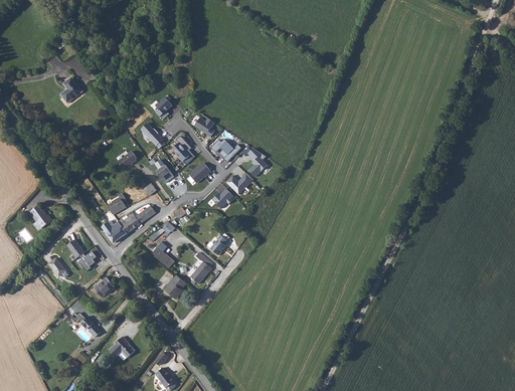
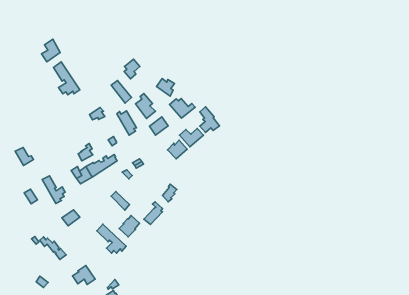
building: none -> [53,62,80,95]
building: none -> [97,224,126,253]

